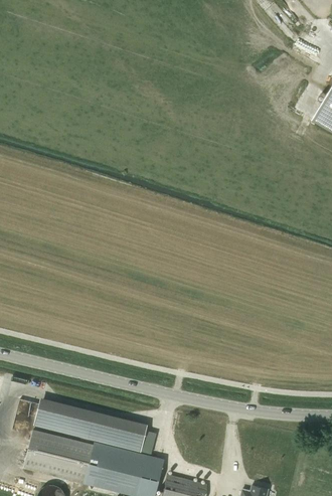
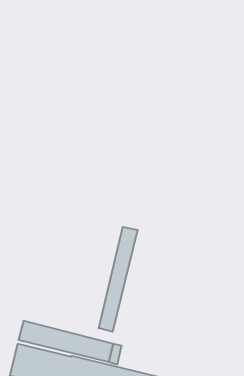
building: none -> [99,227,138,332]

